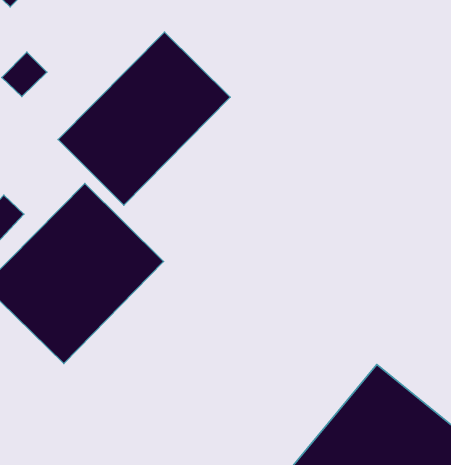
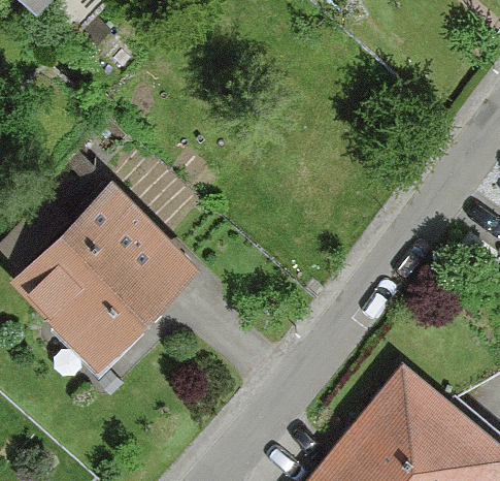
building: [58,32,230,205] -> none

